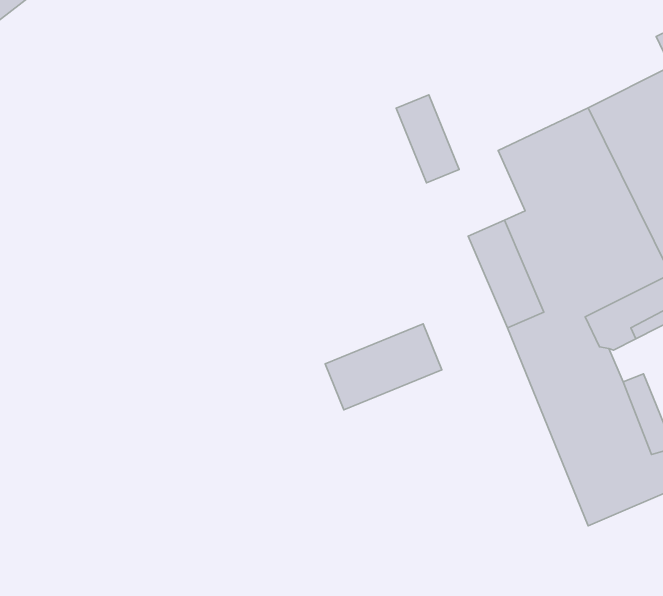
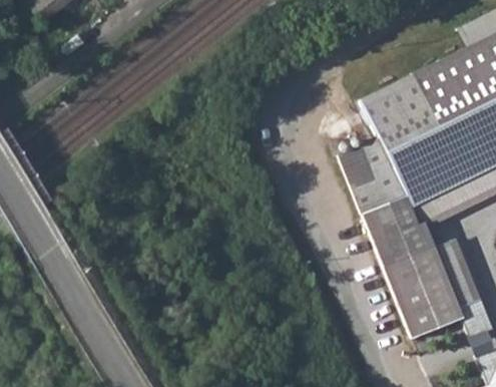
building: [396,95,459,183] -> none
building: [325,324,442,410] -> none

